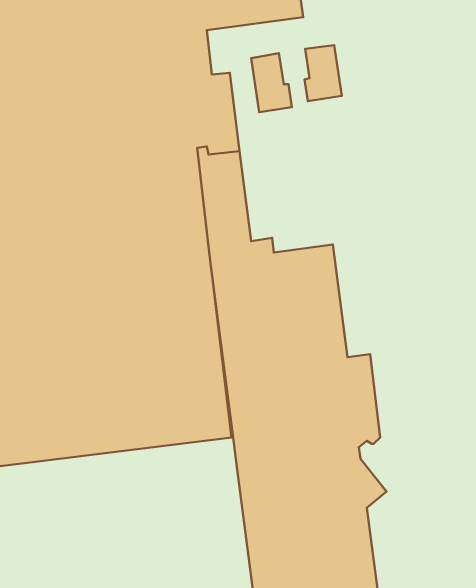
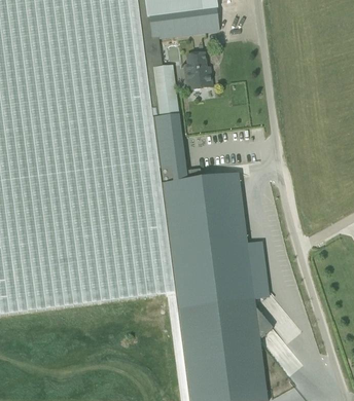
building: [304,45,342,101] -> none

